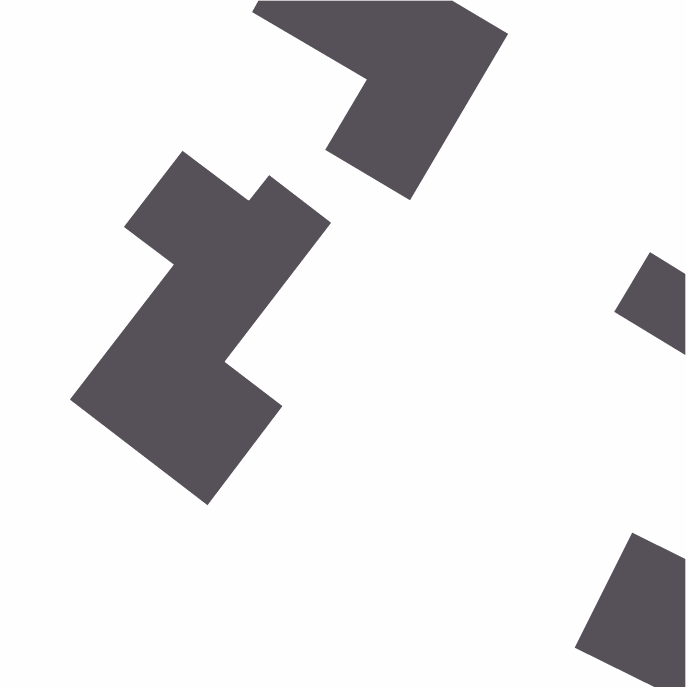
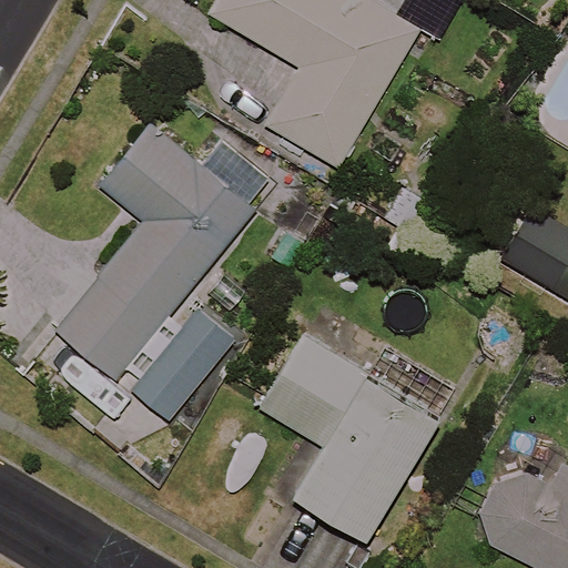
building: none -> [261,339,437,538]

